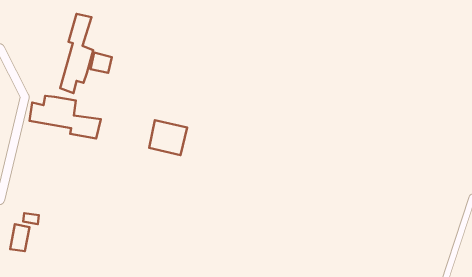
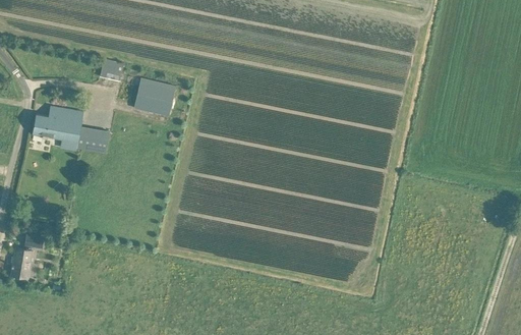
building: [60,14,93,93] -> none
building: [149,120,187,155] -> [134,78,176,117]

